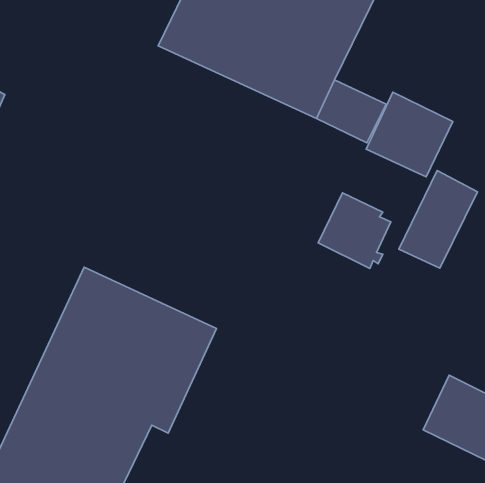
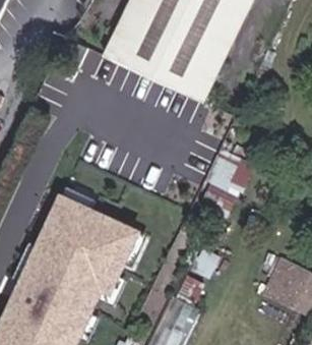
building: [366,92,453,177] -> none
building: [399,171,477,268] -> none

